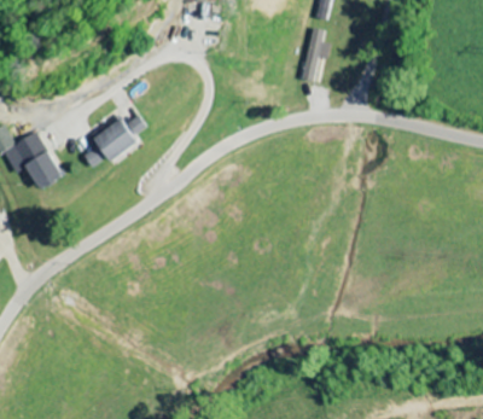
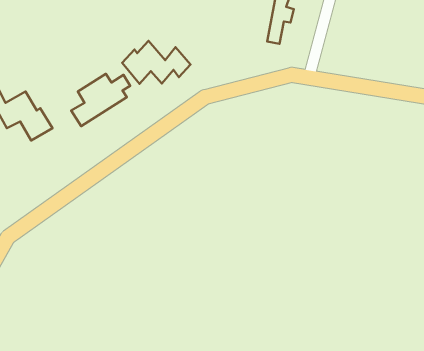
building: none -> [122,41,190,84]

